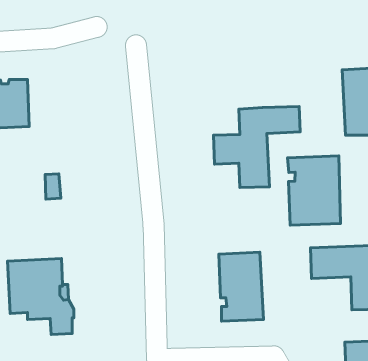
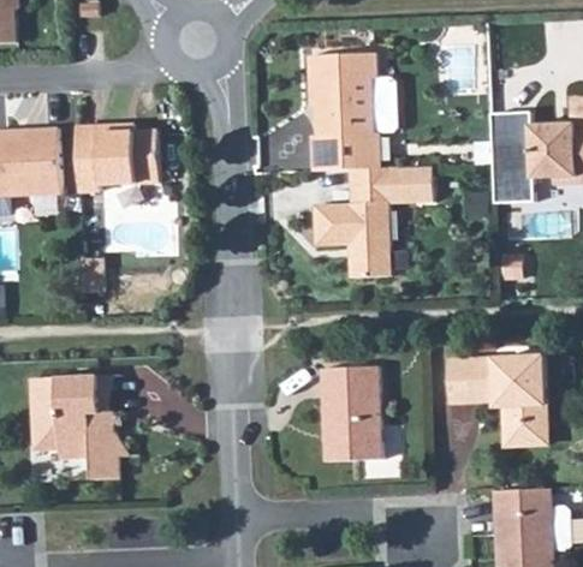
building: none -> [307,52,397,171]
building: none -> [75,125,159,192]
building: [287,156,341,225] -> none

